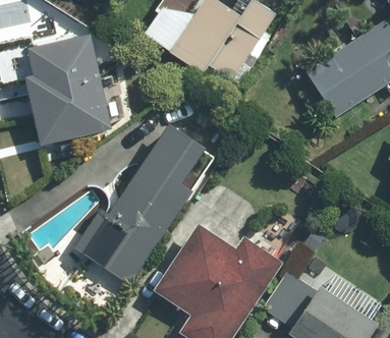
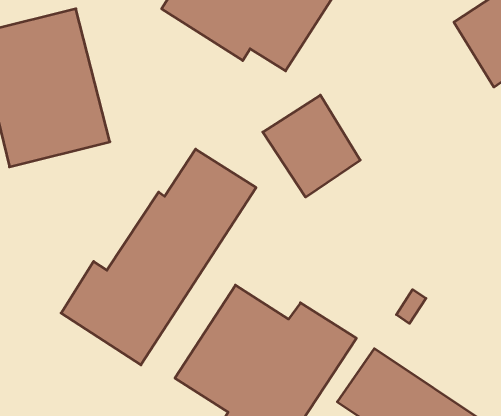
building: [309,44,376,114] -> [263,95,360,197]

